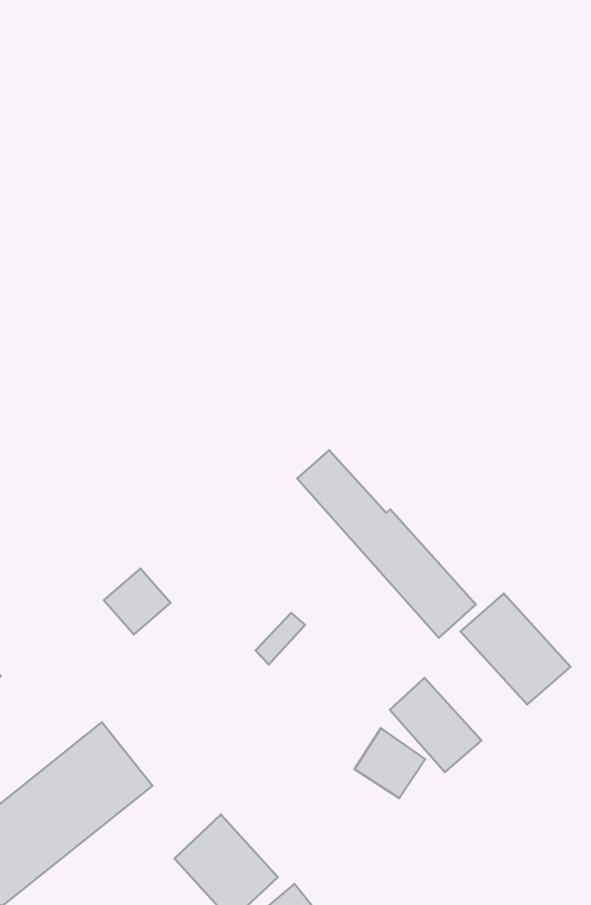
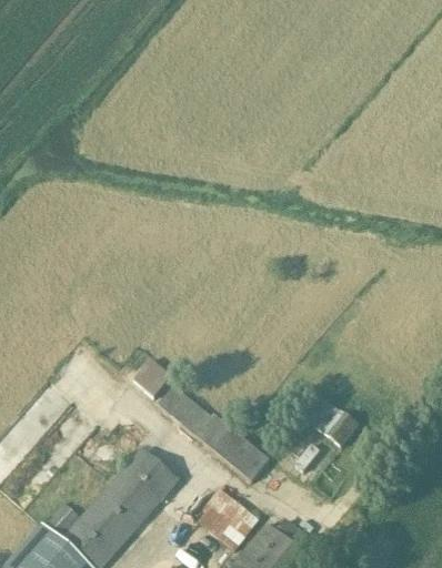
building: [297,450,476,638] -> [159,387,271,483]
building: [461,594,571,705] -> none

